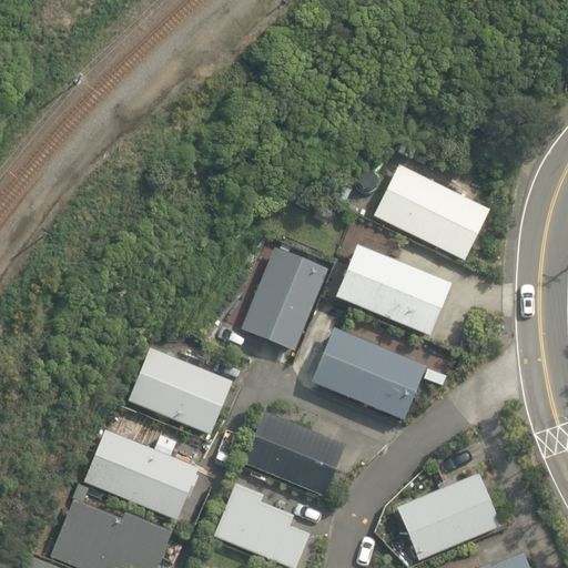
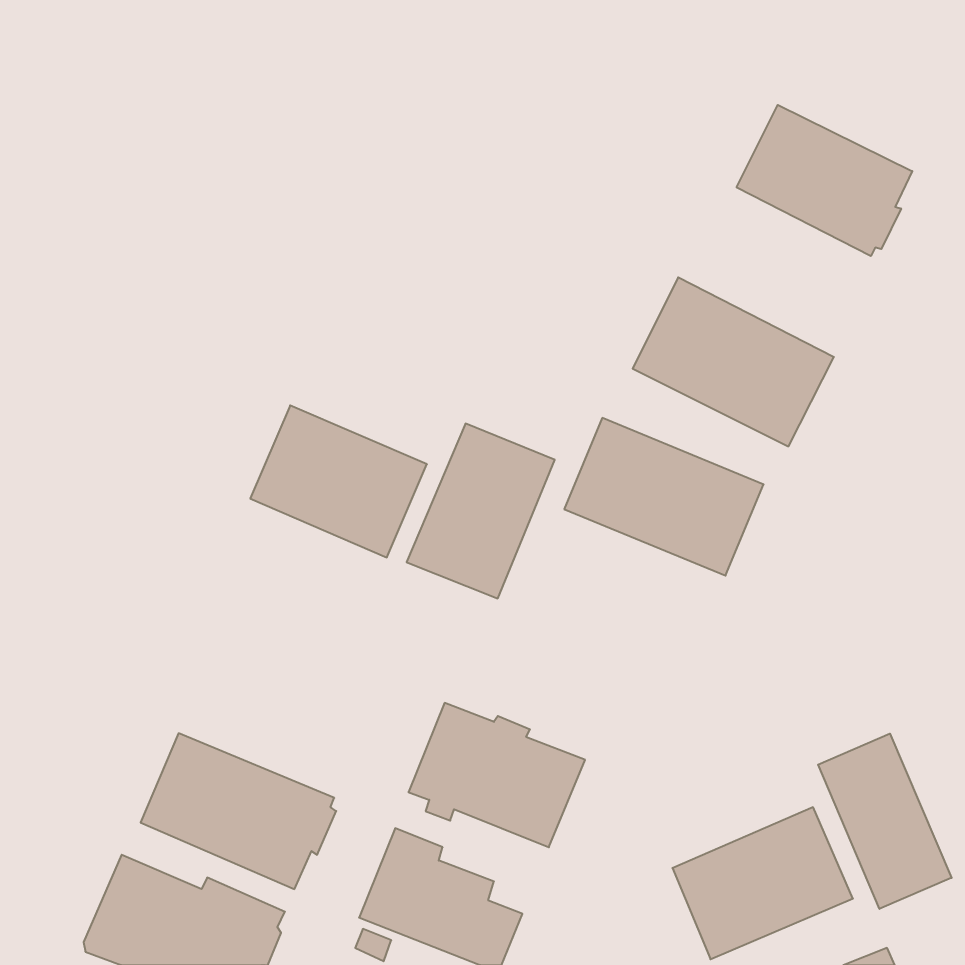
building: none -> [737,105,912,256]
building: [310,327,424,420] -> none
building: [130,346,233,435] -> [250,405,427,557]
building: none -> [818,734,952,909]

